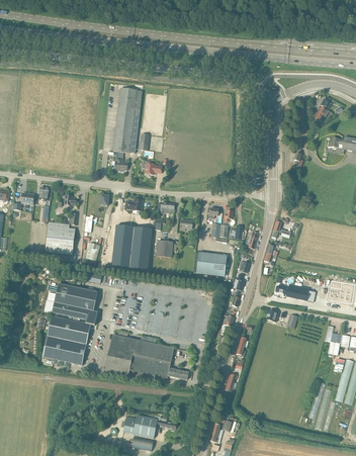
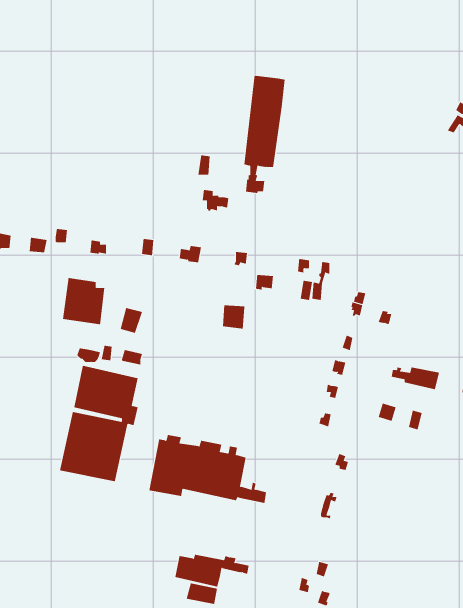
building: [113,87,143,170] -> [244,75,285,193]
building: [111,224,152,270] -> none
building: [193,251,228,275] -> none

